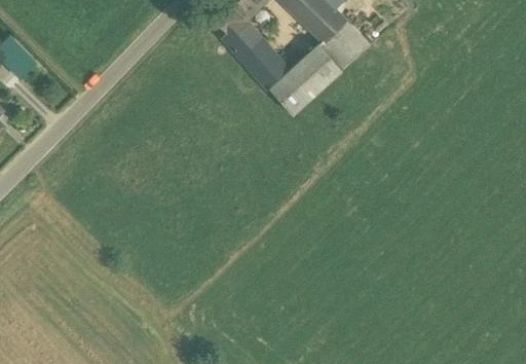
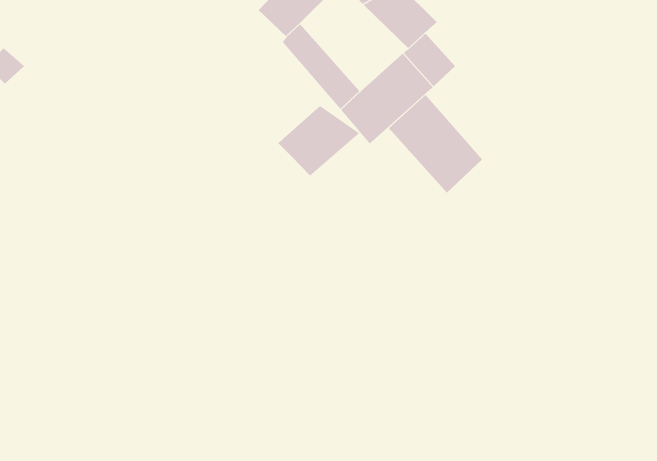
building: none -> [388,94,483,194]
building: none -> [278,105,360,177]

